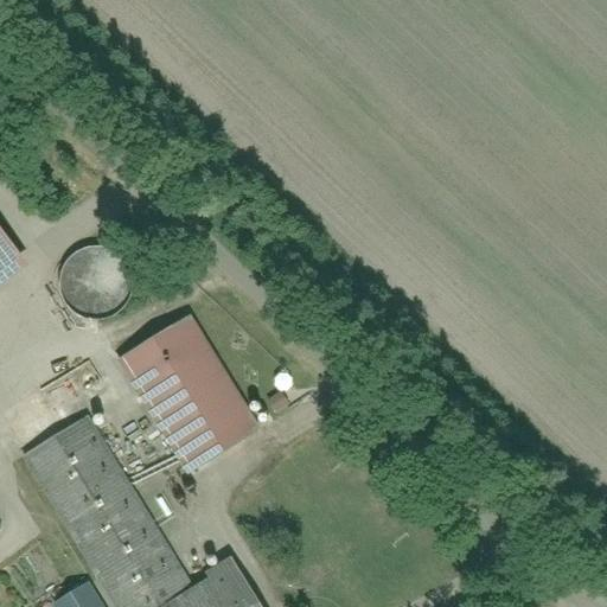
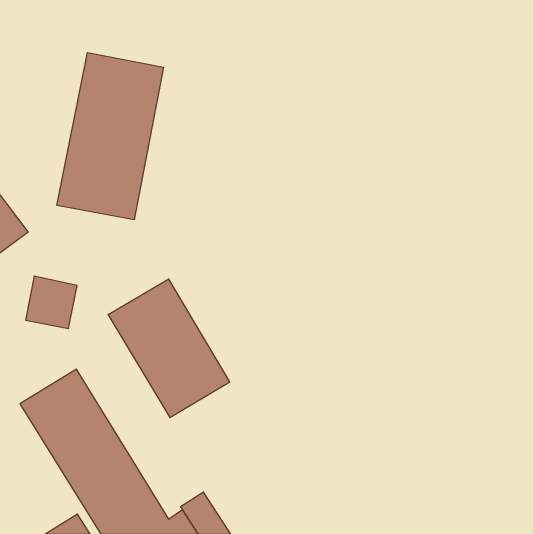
building: none -> [57,53,163,220]
building: [66,250,124,309] -> [26,276,77,329]

